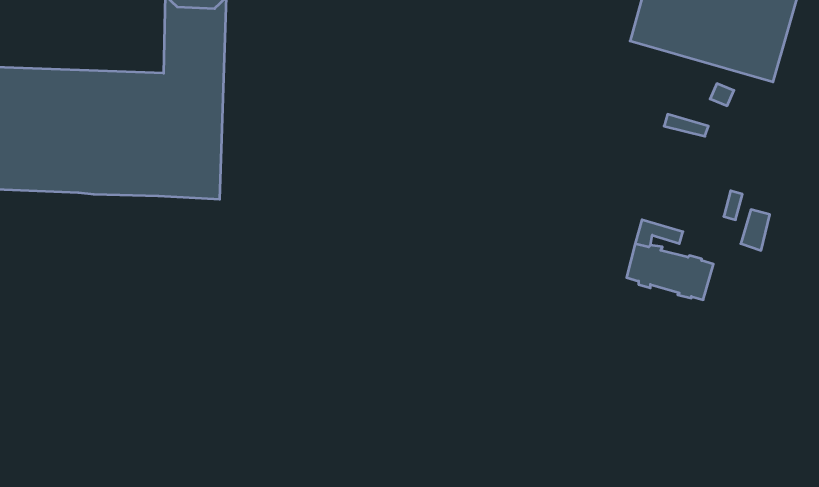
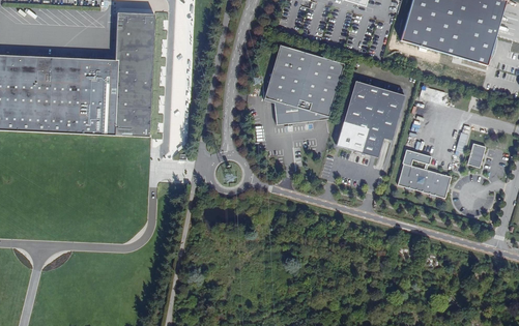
building: none -> [264,46,344,125]
building: none -> [336,80,404,157]

